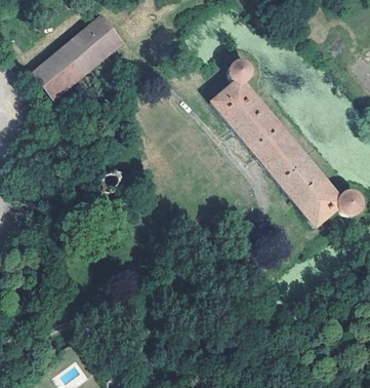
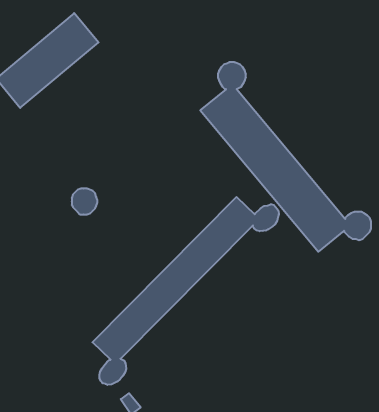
building: none -> [92,197,279,385]

